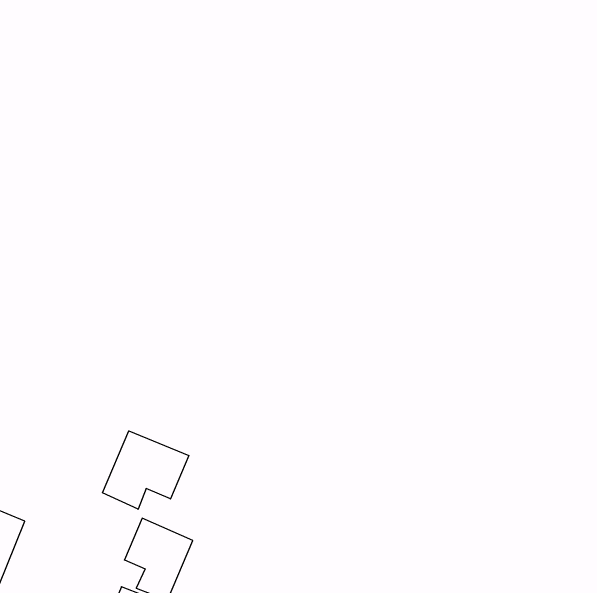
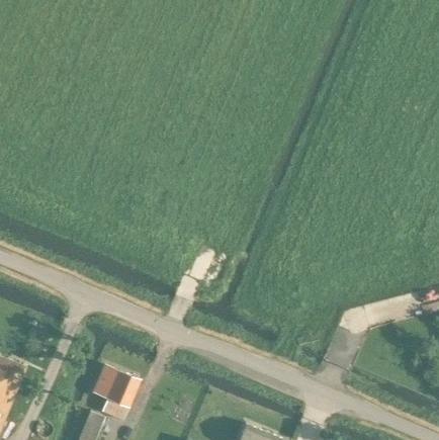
building: [103,431,189,509] -> none

